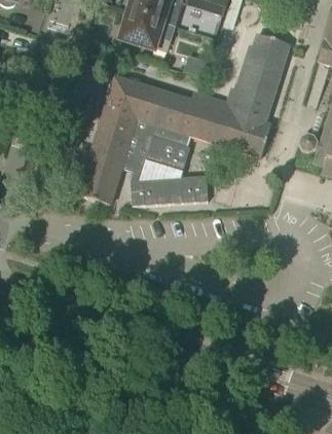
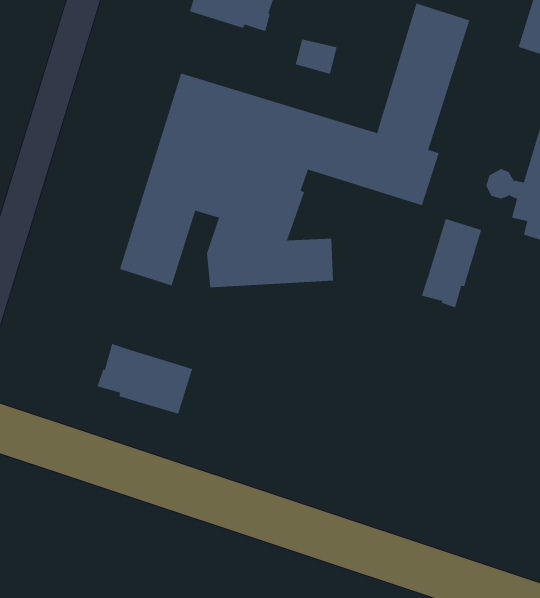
building: none -> [421,218,482,308]
building: none -> [97,343,193,415]

